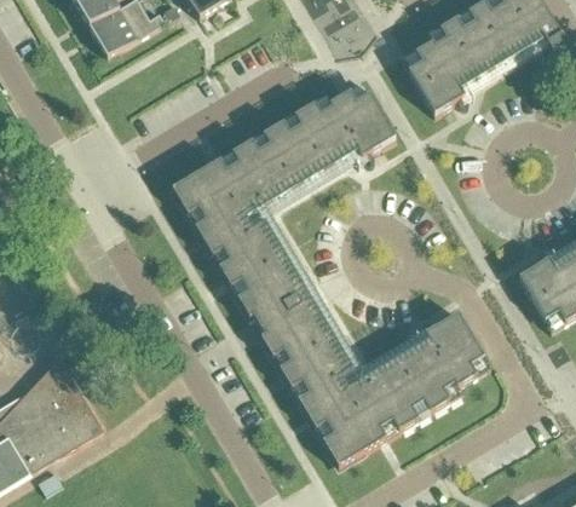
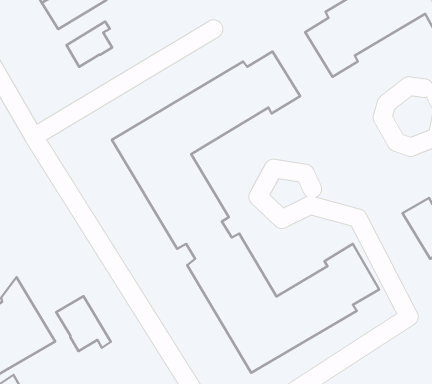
building: none -> [66,22,112,67]
building: none -> [56,296,111,351]

